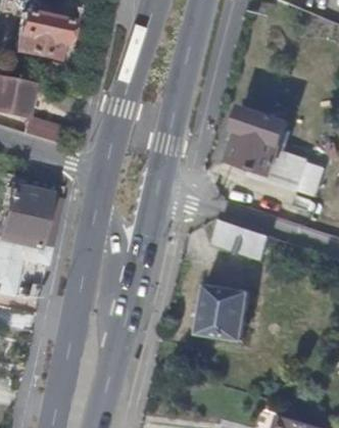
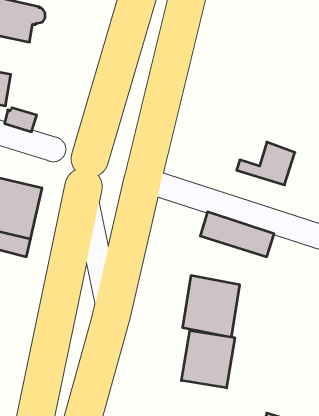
building: [233,106,292,175] -> none
building: none -> [181,330,235,388]

